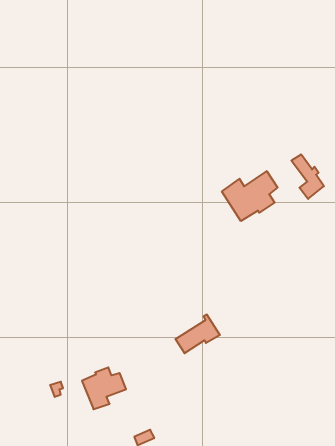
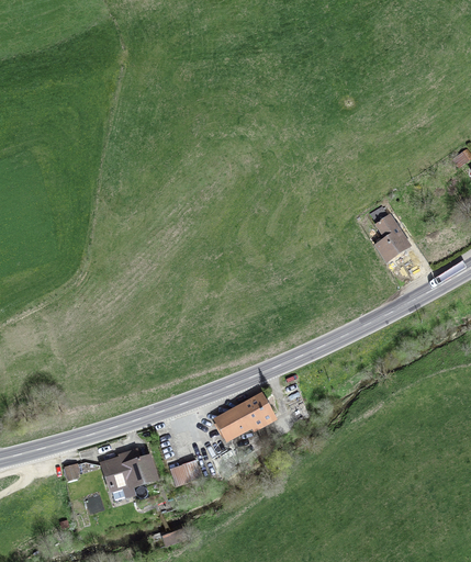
building: [222,171,278,221] -> none
building: none -> [170,460,202,486]

